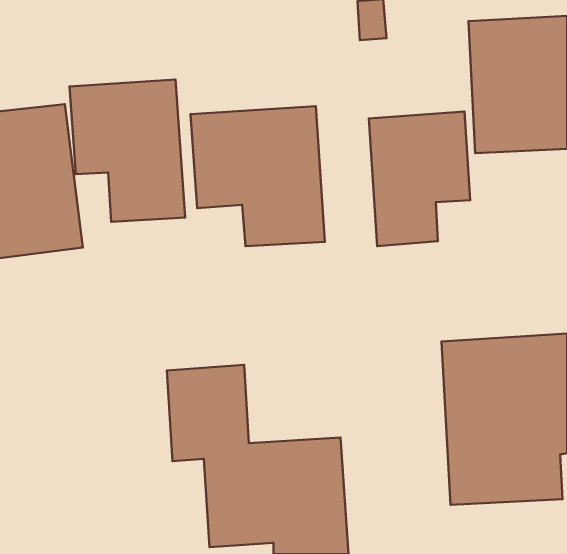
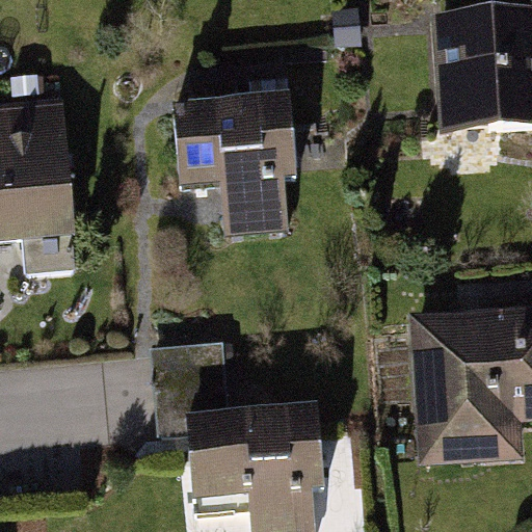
building: [69,80,185,222] -> none
building: [369,112,470,246] -> none

